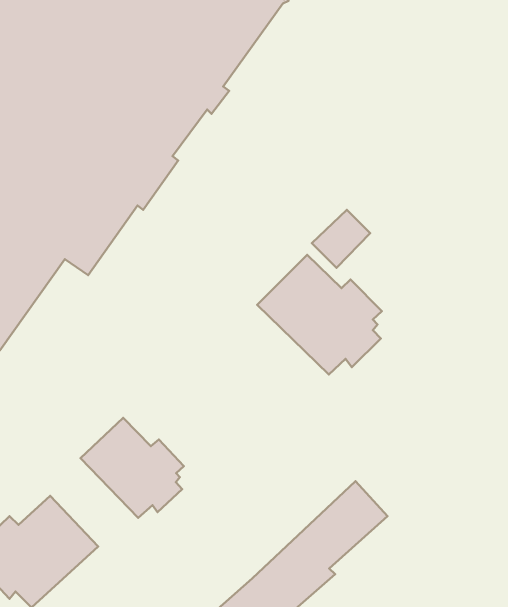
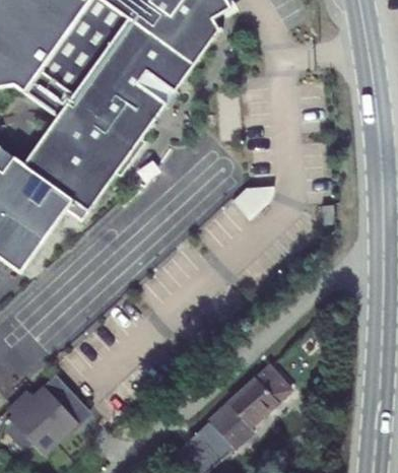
building: [257,255,382,375] -> none
building: [80,418,184,518] -> none

